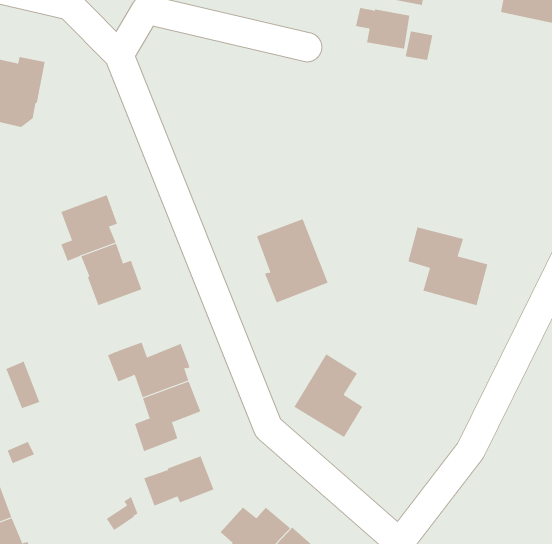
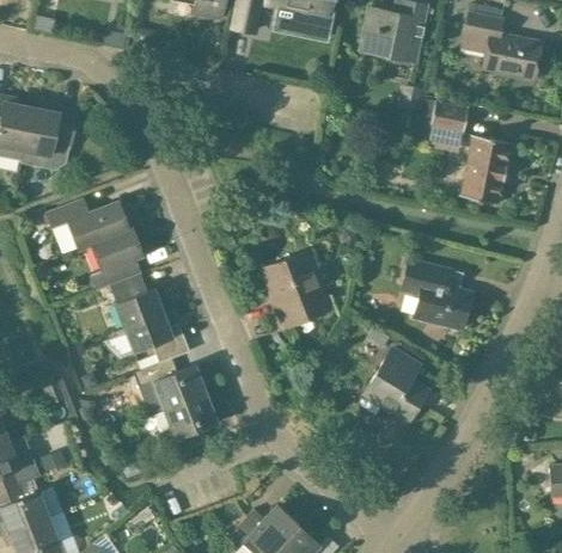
building: [355,8,410,49] -> [421,98,470,135]
building: none -> [460,136,512,204]
building: none -> [48,199,134,251]
building: none -> [126,315,190,370]
building: [294,353,363,438] -> [364,349,426,424]
building: [143,455,214,506] -> none

